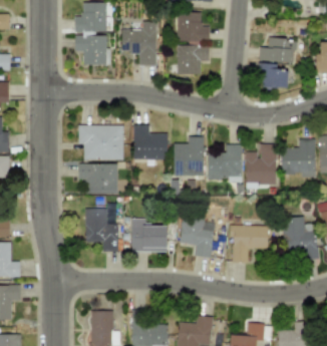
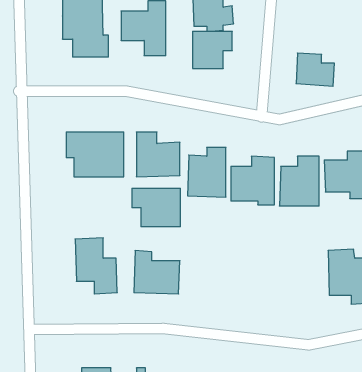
building: [260,38,297,62] -> none
building: [79,163,117,194] -> [132,188,180,227]
building: [180,219,216,258] -> none
building: [230,225,269,262] -> none

